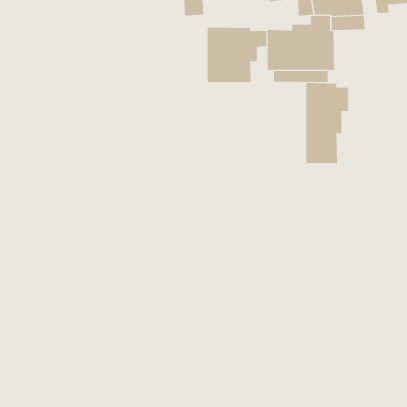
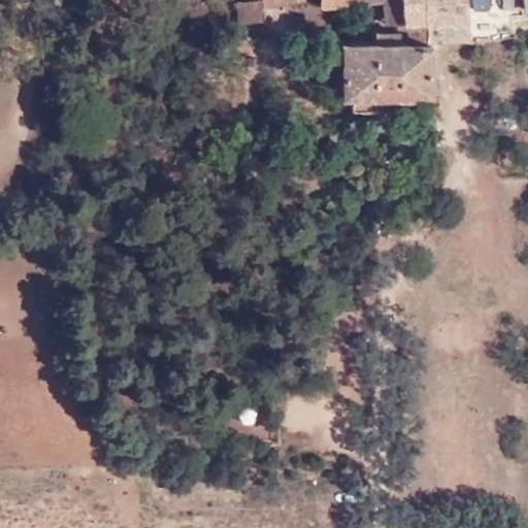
building: [207,27,267,83] -> none
building: [306,82,349,164] -> none

